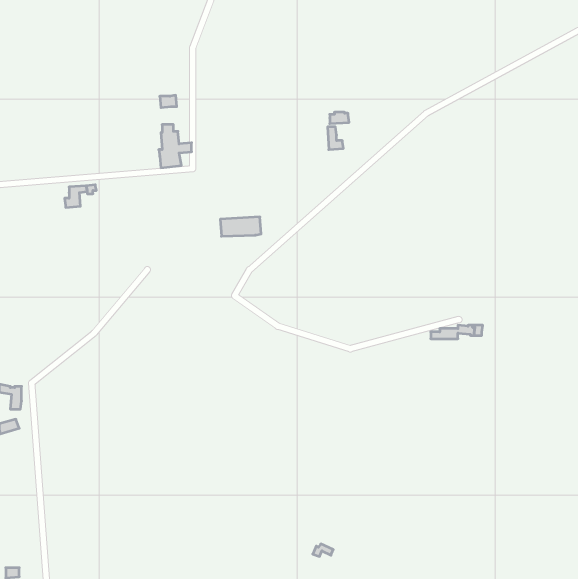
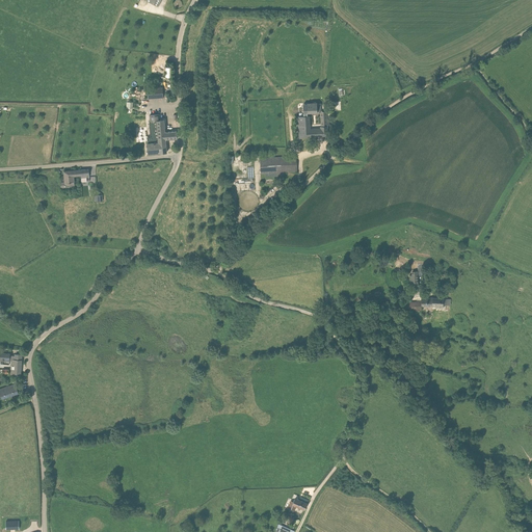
building: [220,217,261,236] -> [259,156,296,174]

